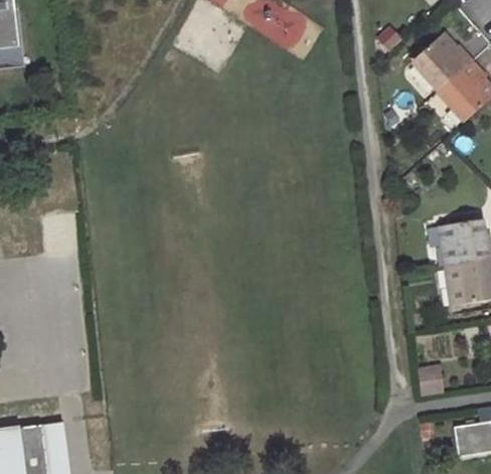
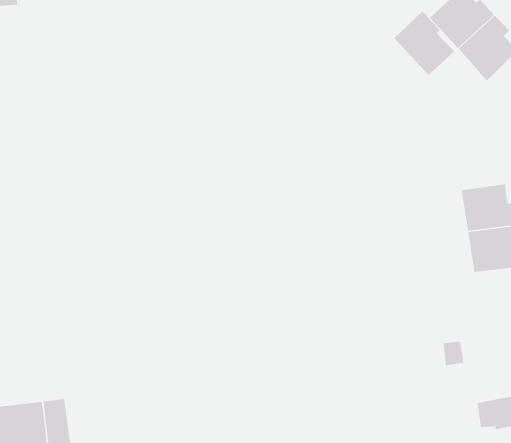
building: none -> [393,11,455,76]

